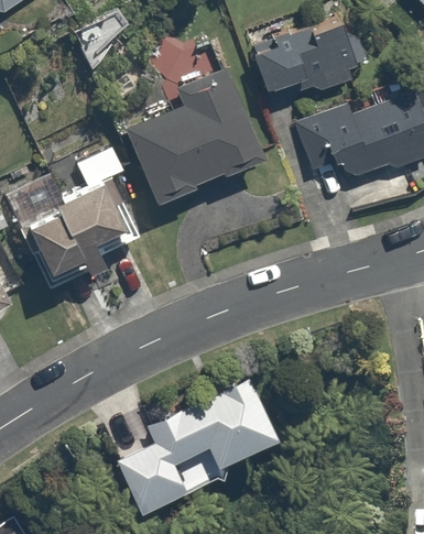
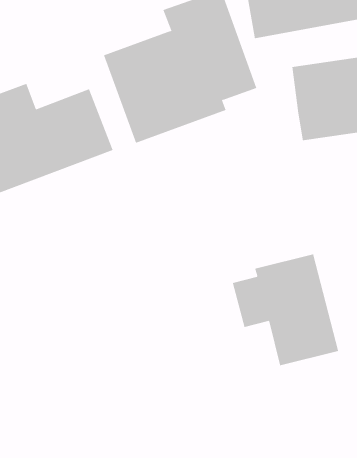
building: none -> [232,253,339,366]
building: [100,375,272,500] -> none

